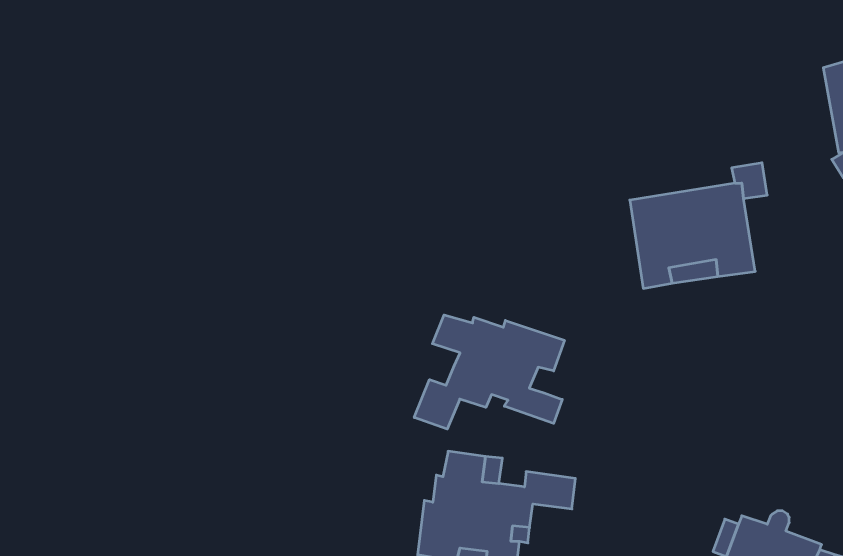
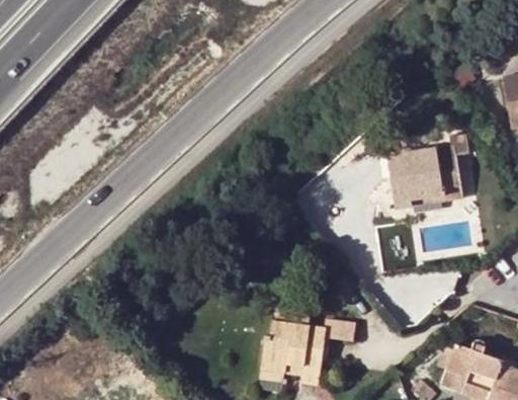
building: [414,315,564,429] -> none

